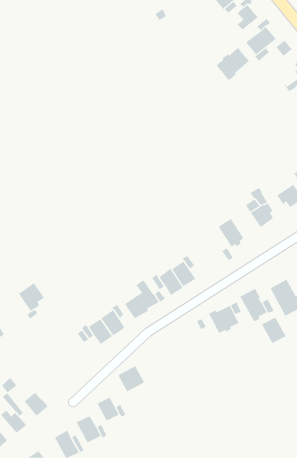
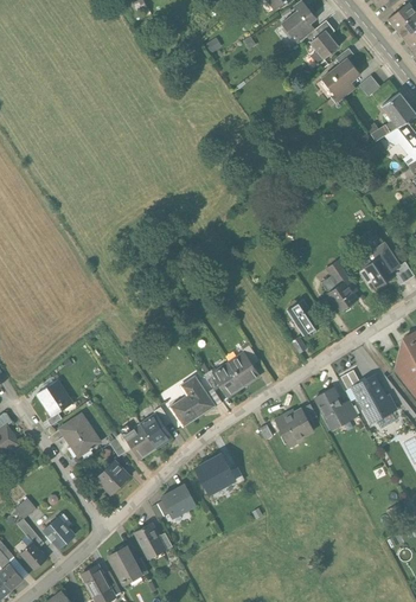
building: [216,47,250,81] -> none
building: none -> [59,414,100,455]
building: [261,317,286,344] -> none
building: none -> [196,453,235,493]
building: none -> [96,460,129,494]

